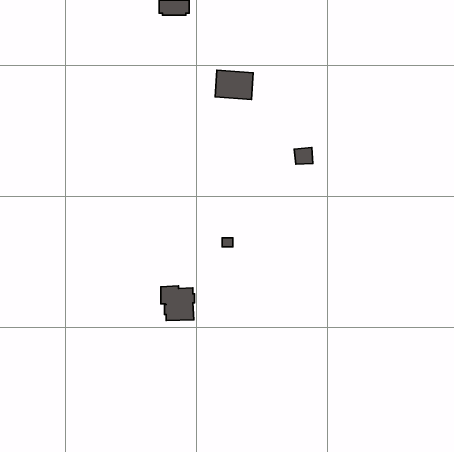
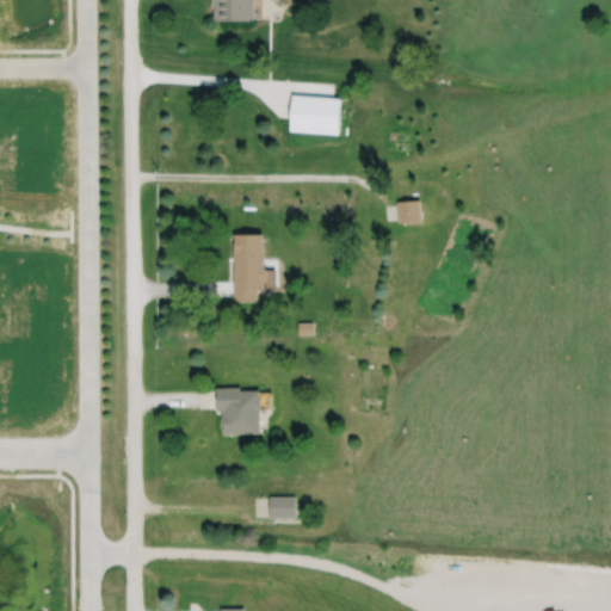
building: none -> [234,232,267,298]
building: none -> [269,496,296,518]

